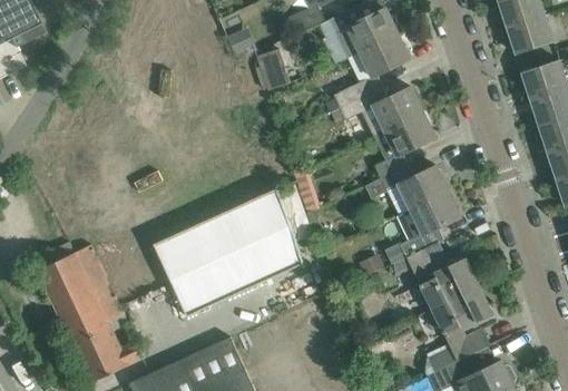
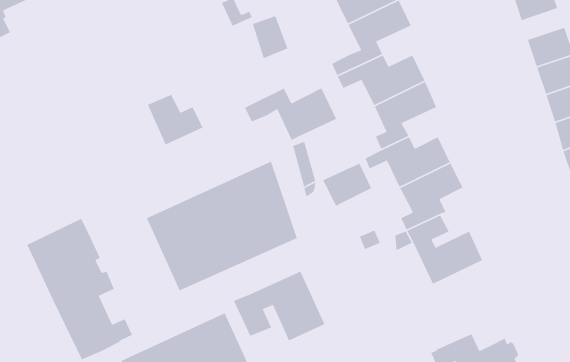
building: none -> [244,87,337,141]
building: none -> [147,94,204,145]
building: none -> [322,162,372,207]
building: [431,286,494,362] -> none
building: none -> [233,270,325,342]

